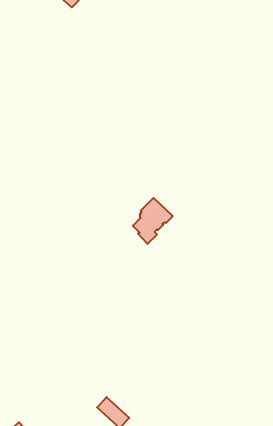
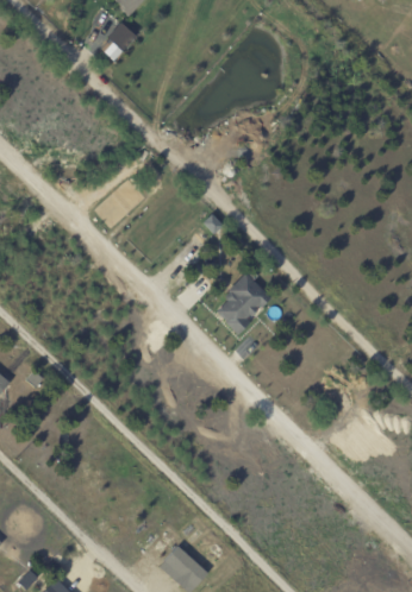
building: none -> [100,21,136,61]

